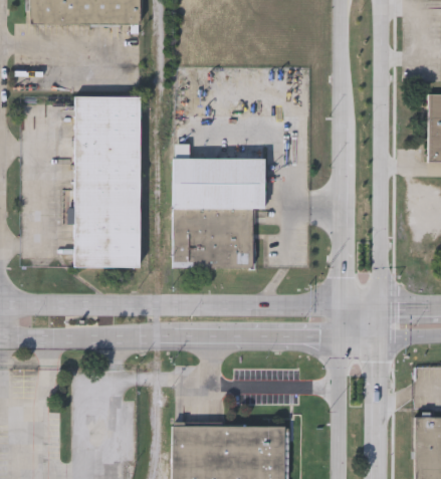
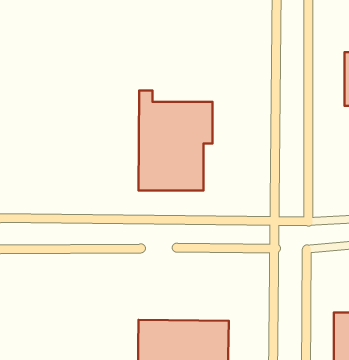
building: [75,94,141,265] -> none

